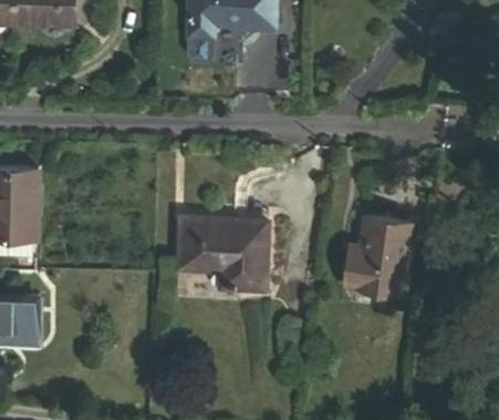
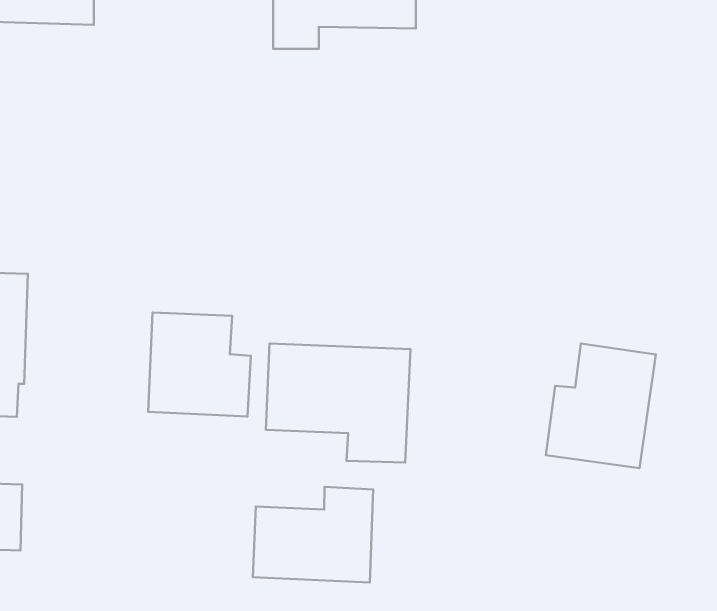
building: none -> [148,312,251,417]
building: none -> [253,487,373,583]

